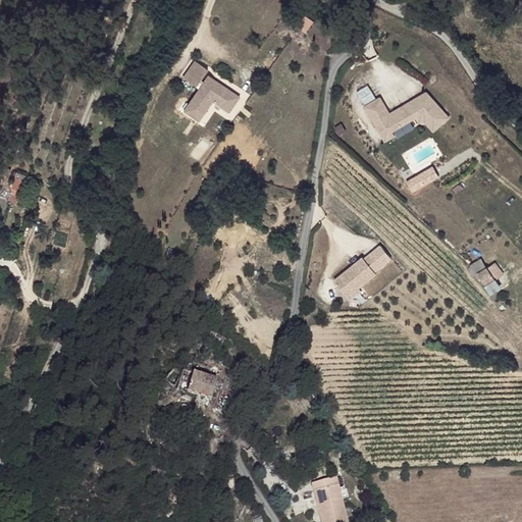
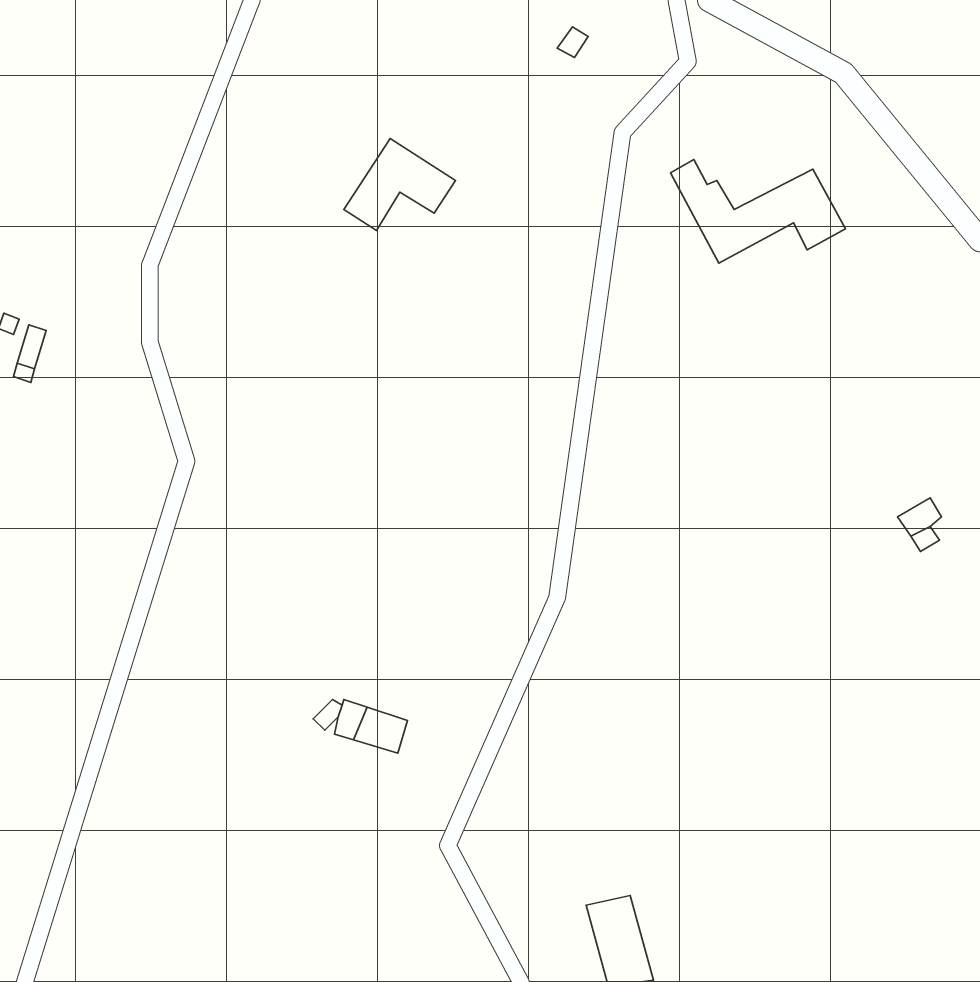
building: [180,58,209,87] -> none
building: [406,166,439,194] -> none
building: [332,245,395,297] -> none

